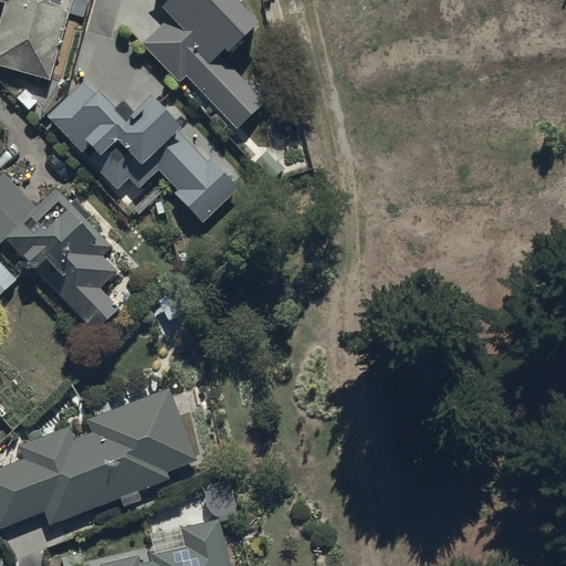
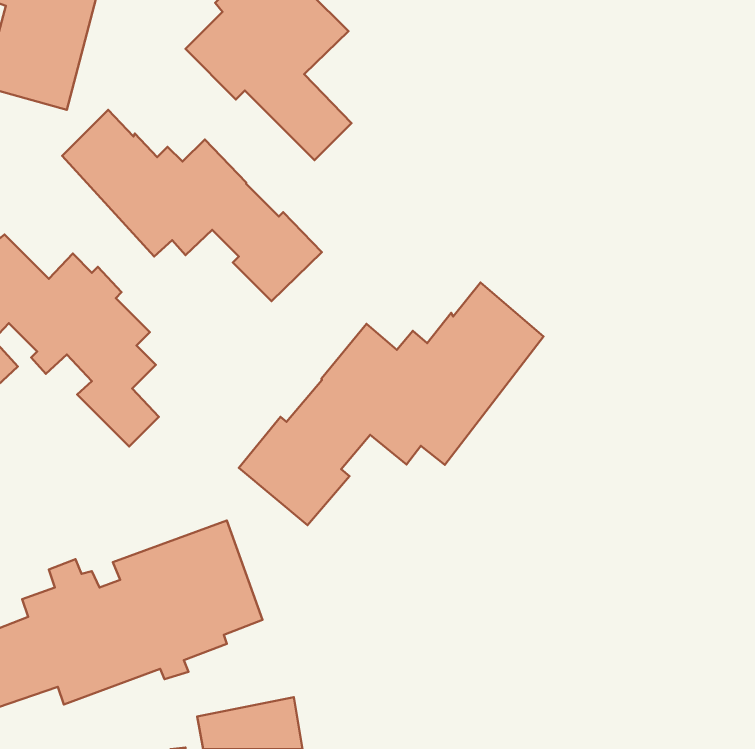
building: none -> [239,282,543,525]

